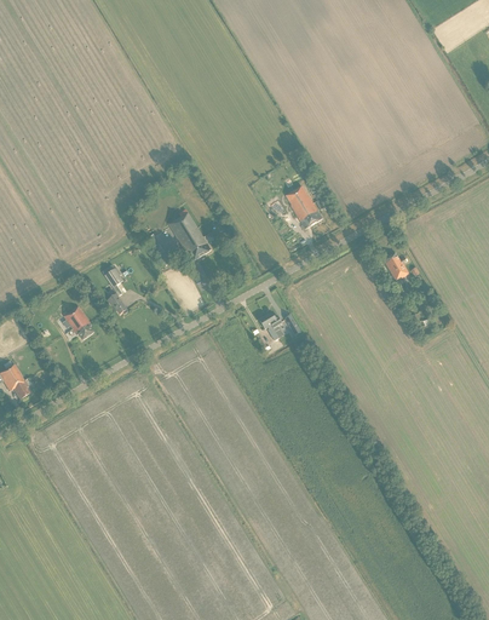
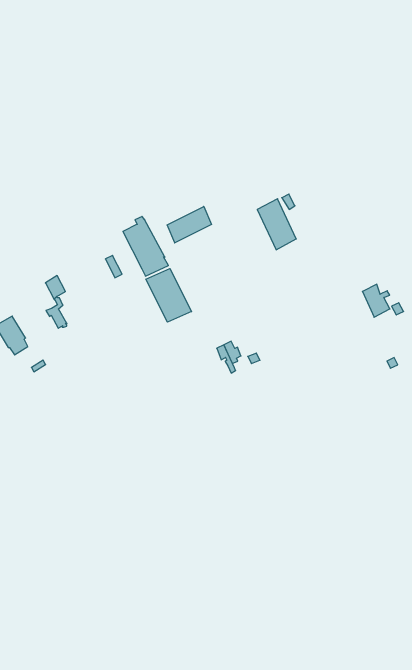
building: none -> [167,206,212,243]
building: none -> [146,269,192,322]

